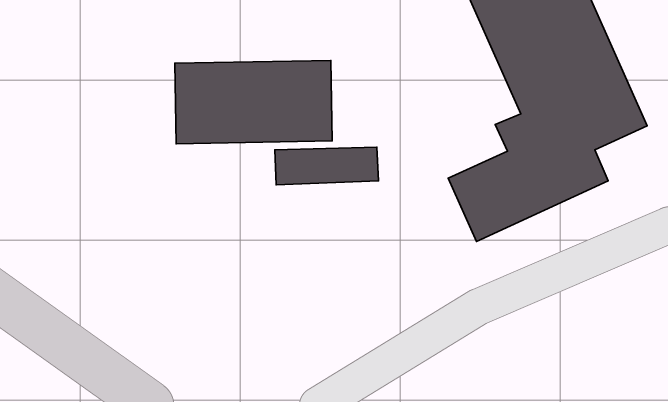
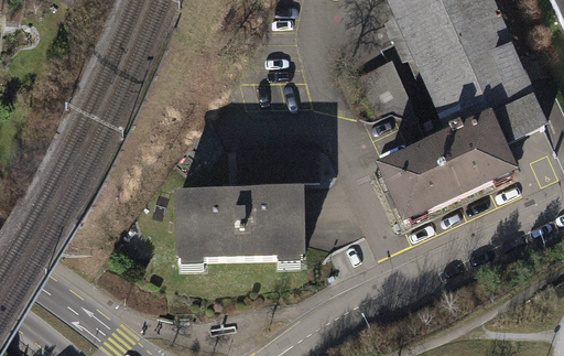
building: [175,60,332,144] -> [180,186,308,255]

